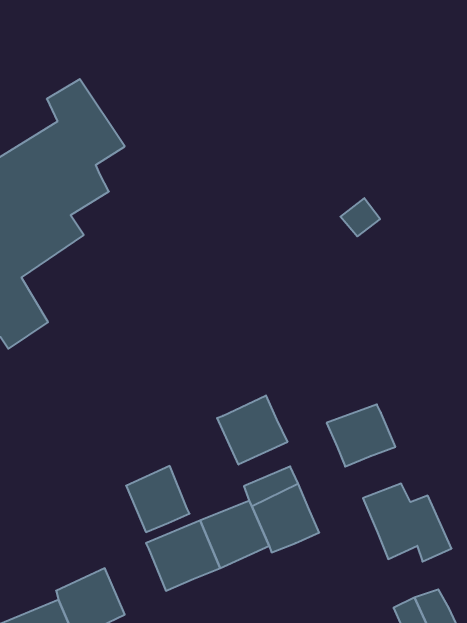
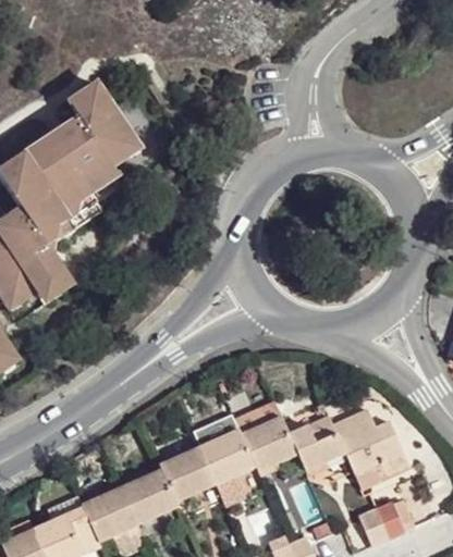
building: [217,395,287,465] -> none
building: [327,404,395,467] -> [289,420,345,471]
building: [126,466,190,532] -> [121,468,173,522]

